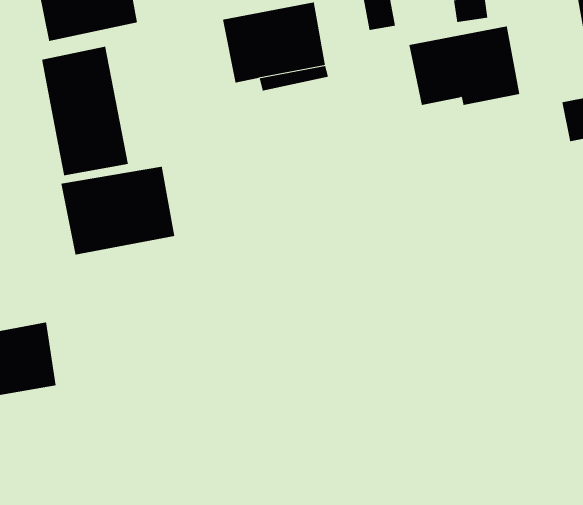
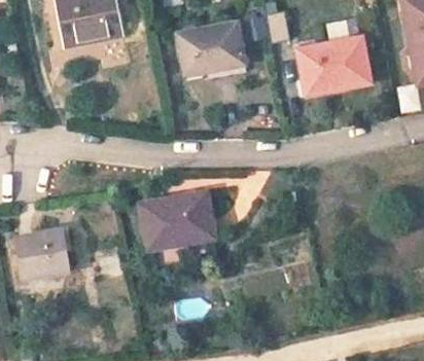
building: [41,46,128,176] -> none
building: [61,166,175,255] -> [140,191,214,249]

